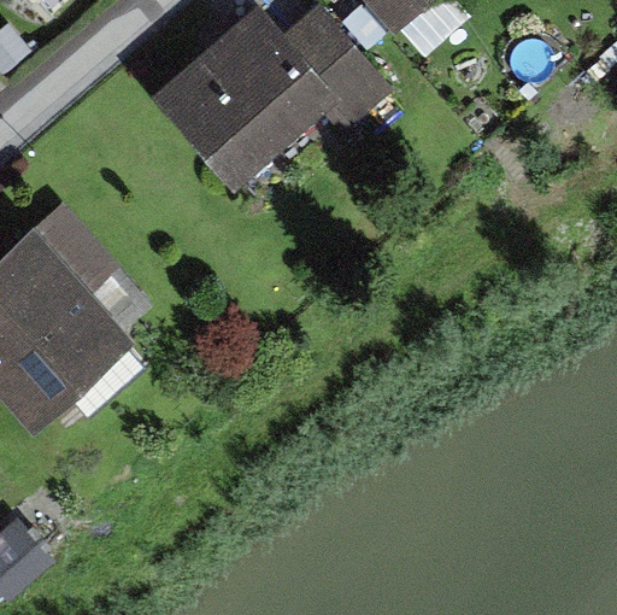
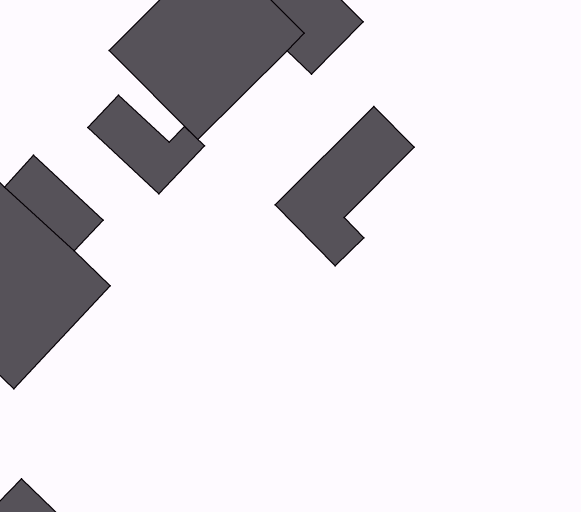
building: none -> [88,95,205,194]
building: none -> [275,107,414,266]

